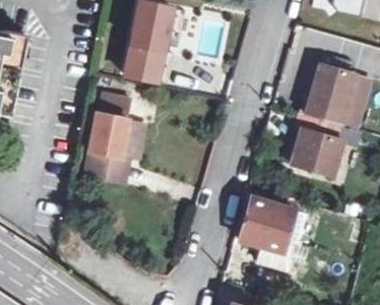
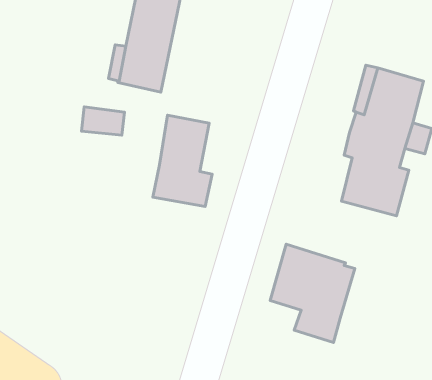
building: [85,114,130,183] -> [153,115,212,207]

